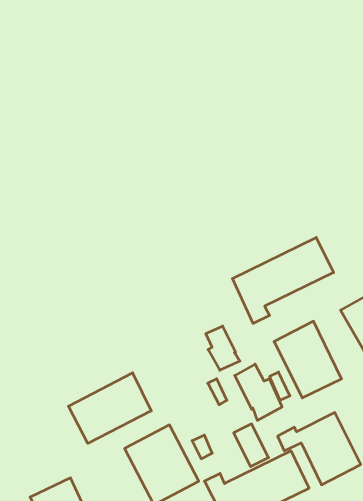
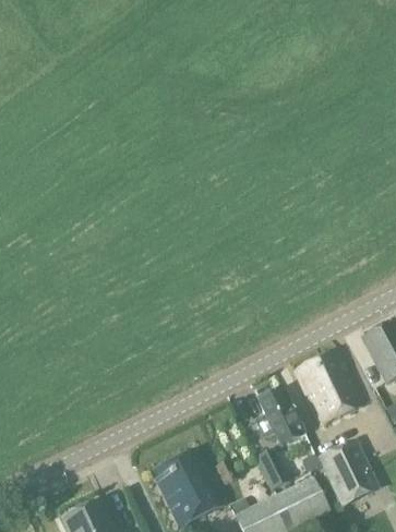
building: [232,237,334,323] -> none
building: [206,326,240,370] -> none
building: [68,373,151,443] -> none

